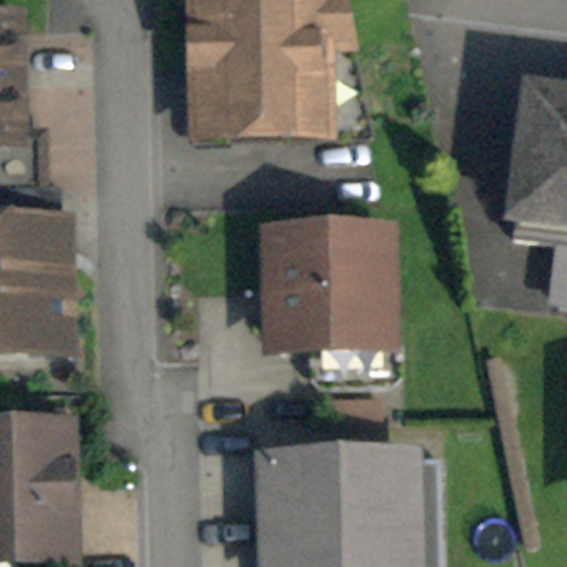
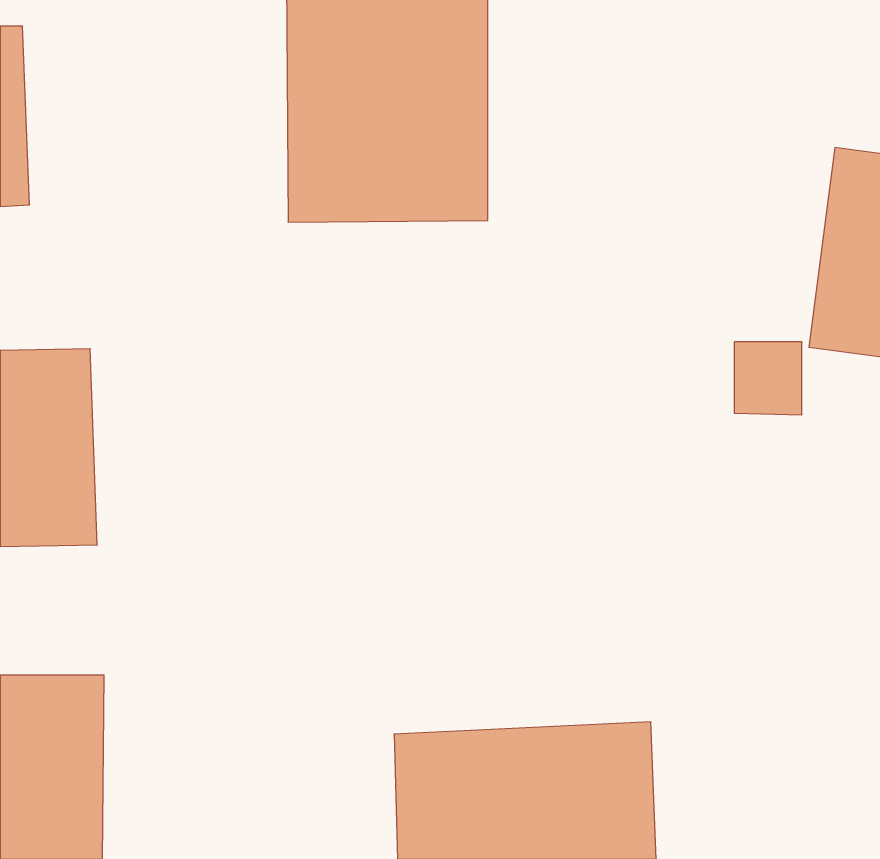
building: [264,239,389,373] -> none

